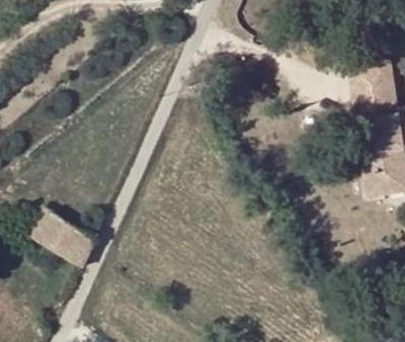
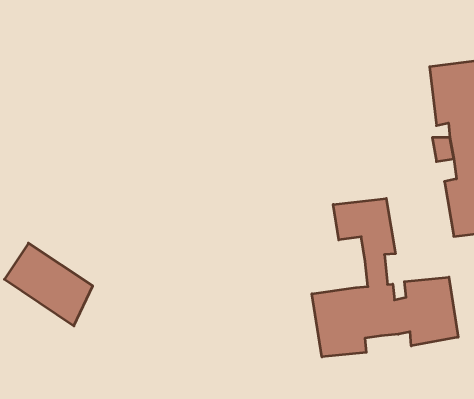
building: none -> [312,198,458,357]

